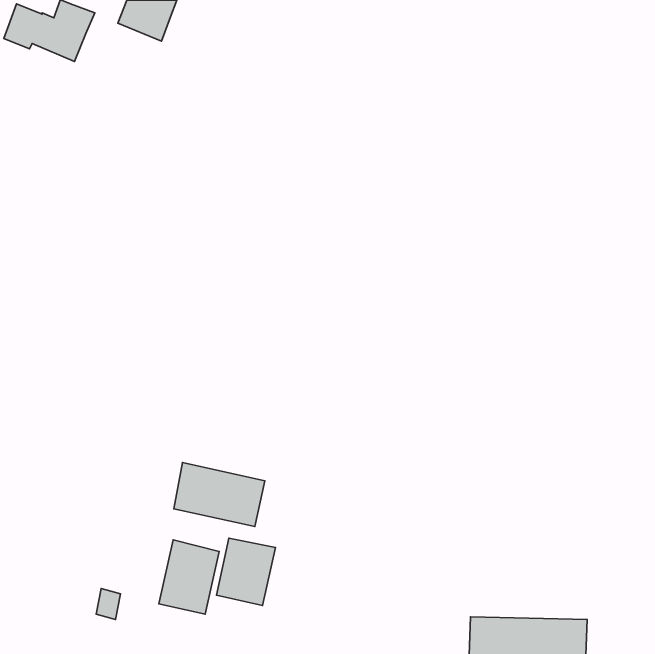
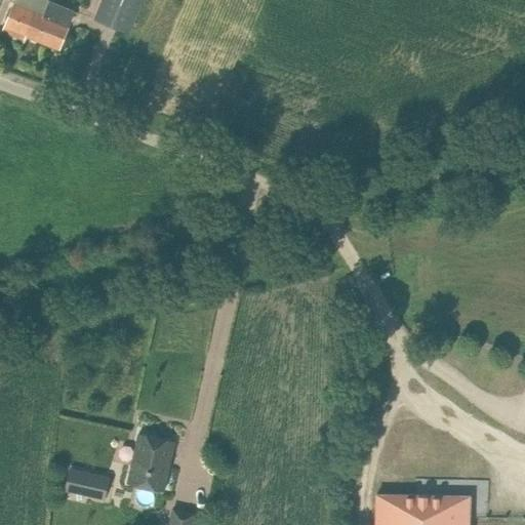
building: [174,462,265,527] -> none
building: [216,538,275,605] -> none

